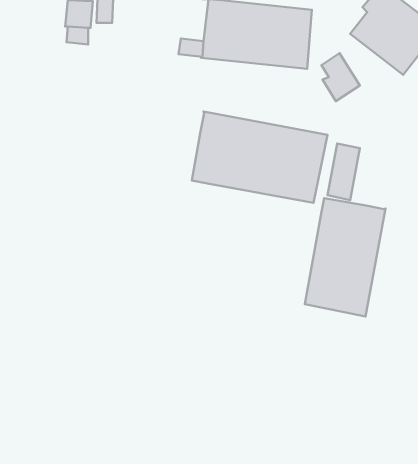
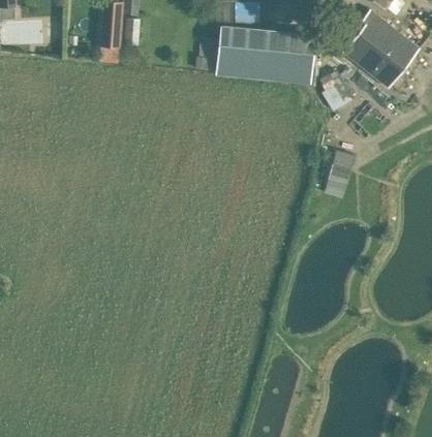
building: [192,112,328,203] -> none
building: [305,198,386,317] -> none

